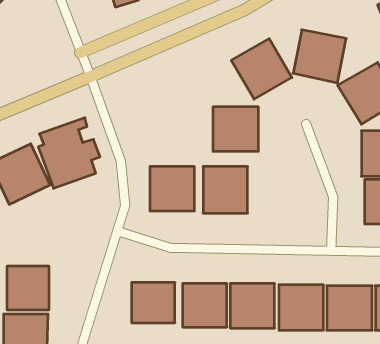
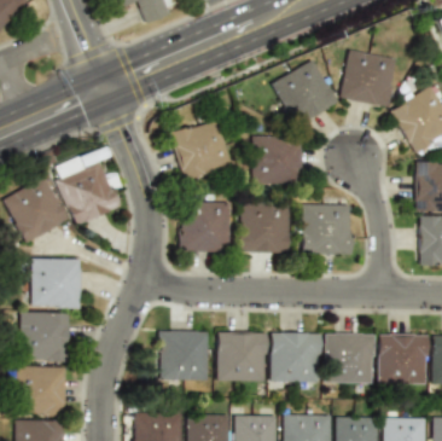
building: none -> [170,120,232,181]
building: none -> [301,204,351,255]
building: none -> [31,259,81,308]

